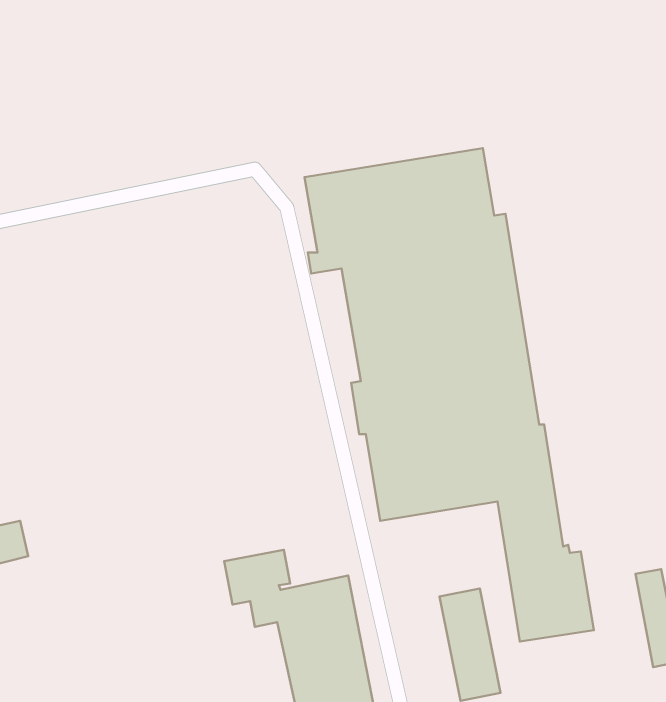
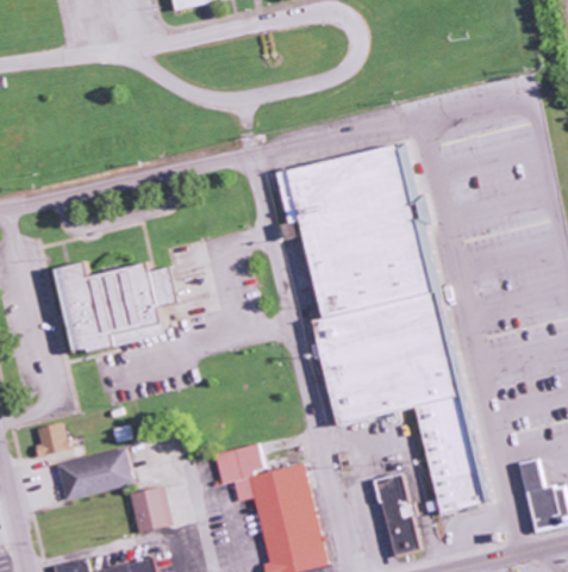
building: none -> [57,262,174,353]
building: none -> [56,449,133,500]
building: none -> [129,486,173,534]

